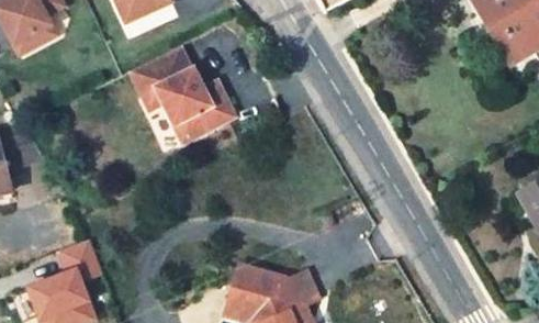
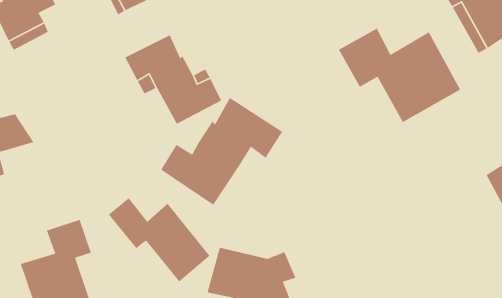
building: none -> [338,28,461,123]
building: none -> [160,97,283,206]
building: none -> [108,197,211,282]

